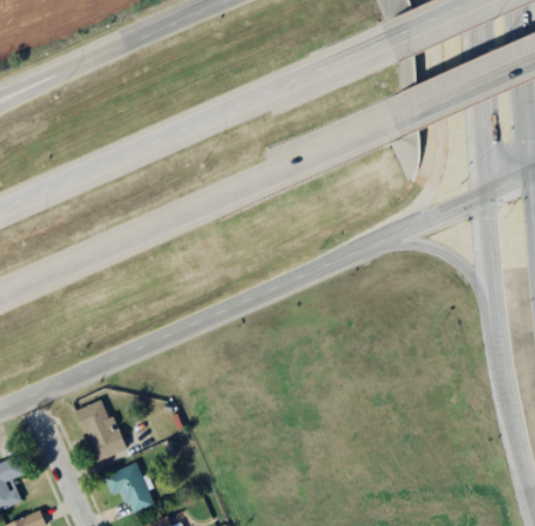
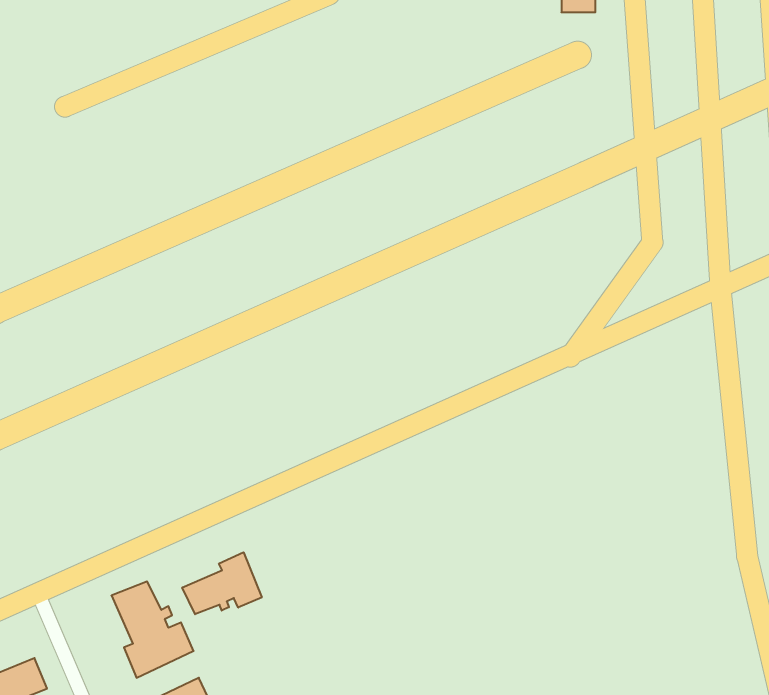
building: none -> [182,552,262,614]

